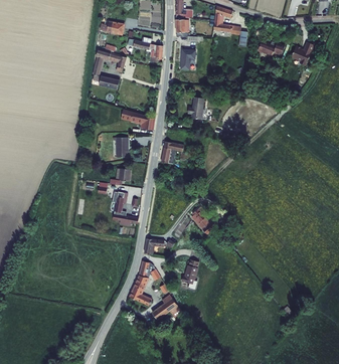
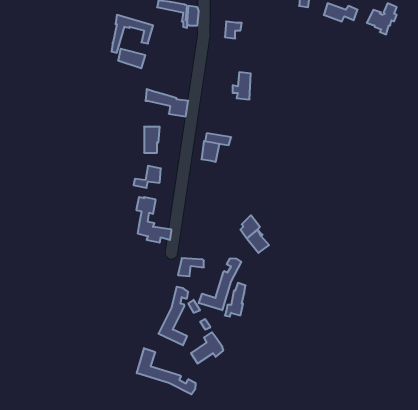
building: none -> [199,258,241,310]
building: none -> [137,348,195,394]

